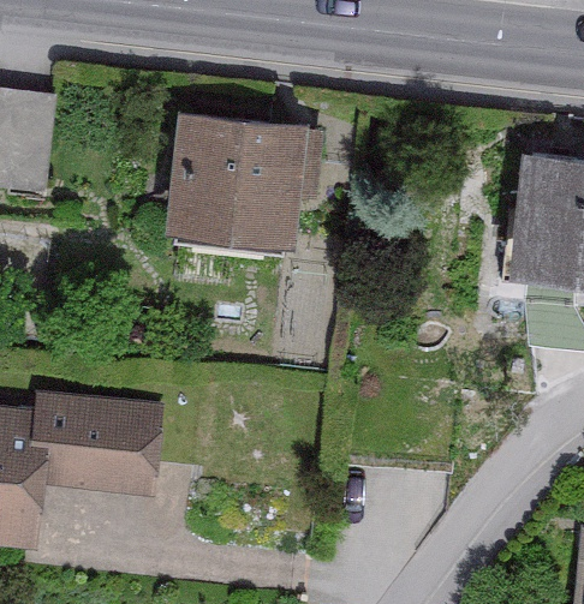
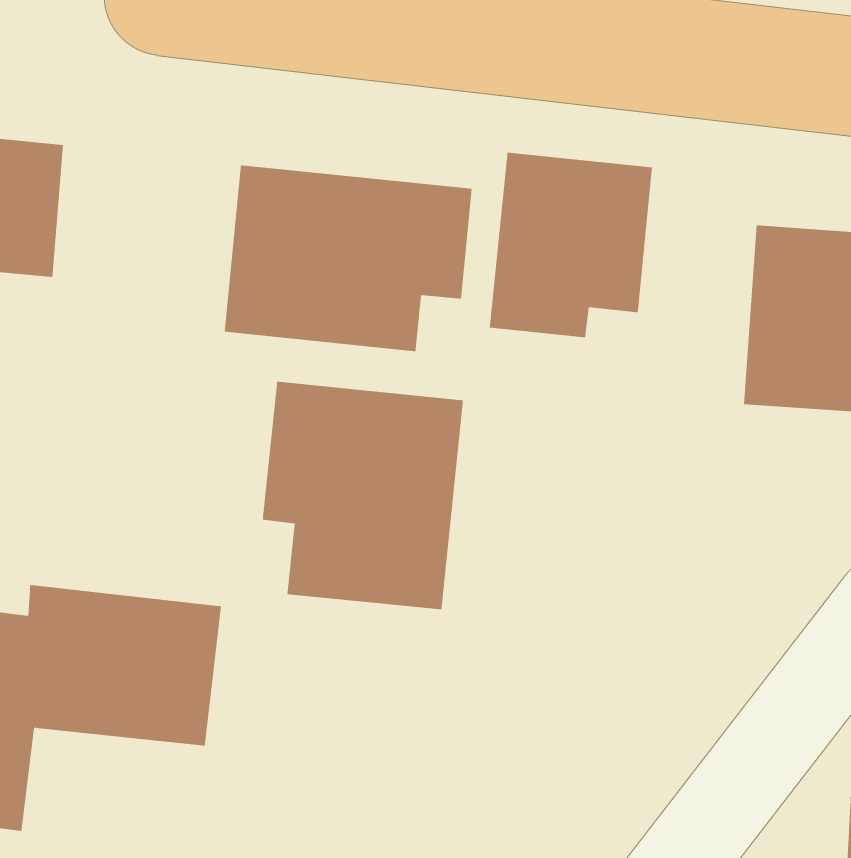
building: none -> [489,152,652,338]
building: none -> [262,381,464,610]

